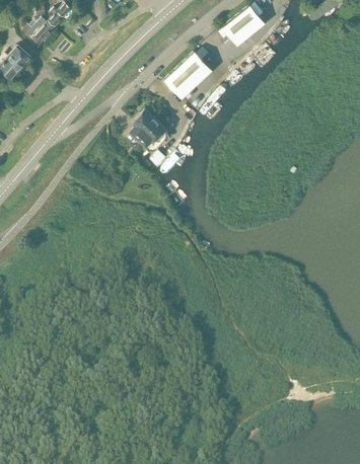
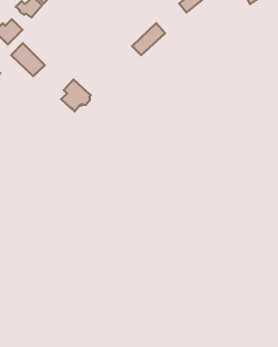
building: none -> [11,43,45,76]
building: [130,109,166,149] -> [61,79,91,112]

